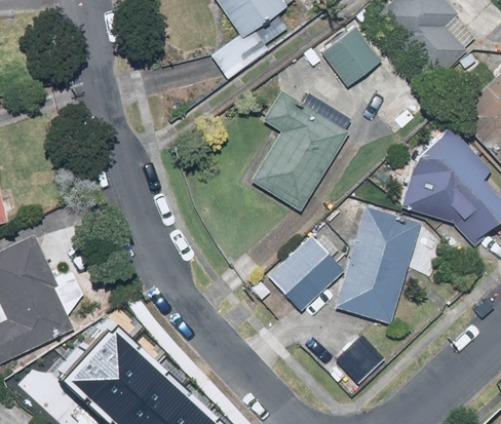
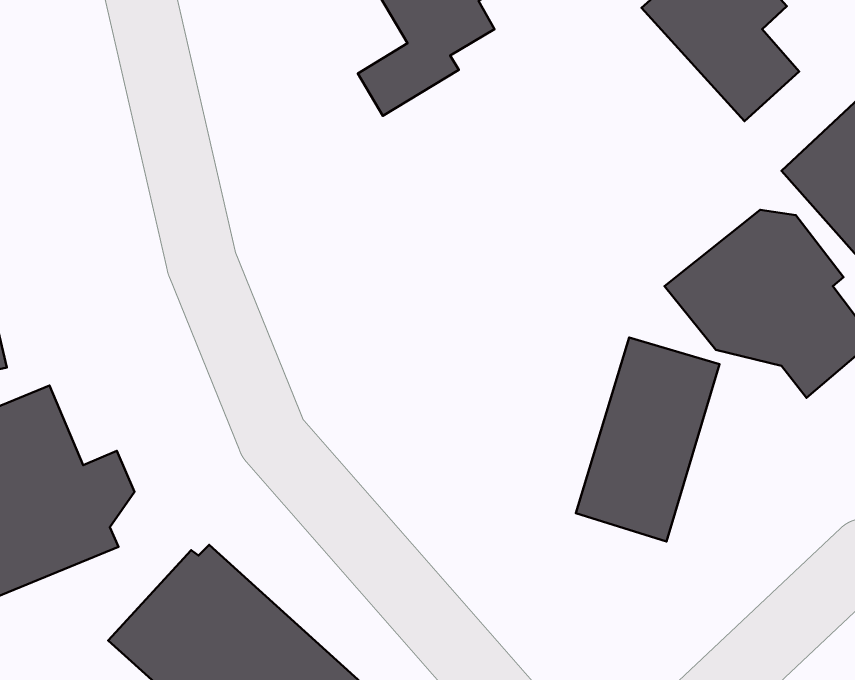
building: [321,27,382,88] -> none
building: [253,92,349,209] -> none
building: [267,234,345,312] -> none

